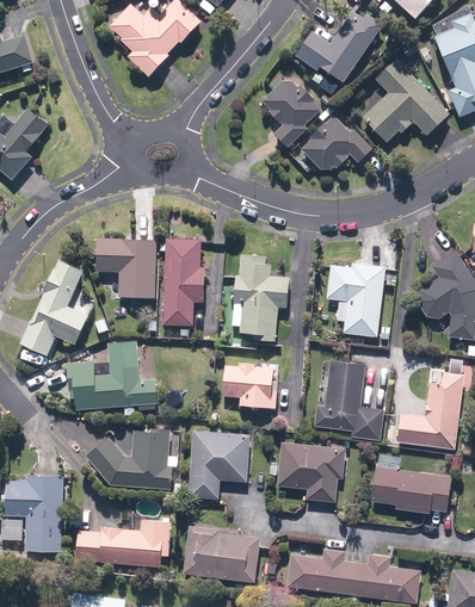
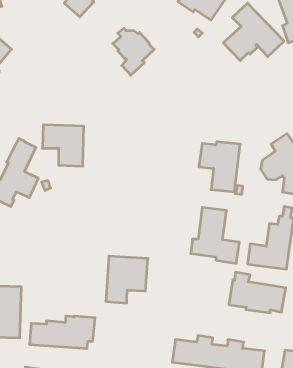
building: [260,79,321,148] -> [113,28,154,75]
building: [300,114,372,171] -> none
building: [162,239,204,326] -> none
building: [232,254,290,341] -> none
building: [66,340,158,410] -> none
building: [222,361,278,408] -> none
building: [85,427,171,489] -> none
building: [276,441,345,503] -> none
building: [181,525,260,583] -> none

